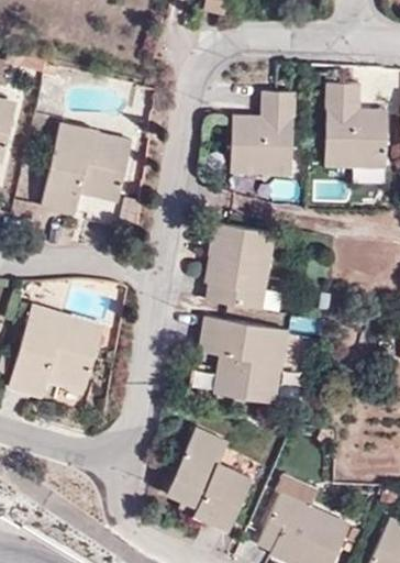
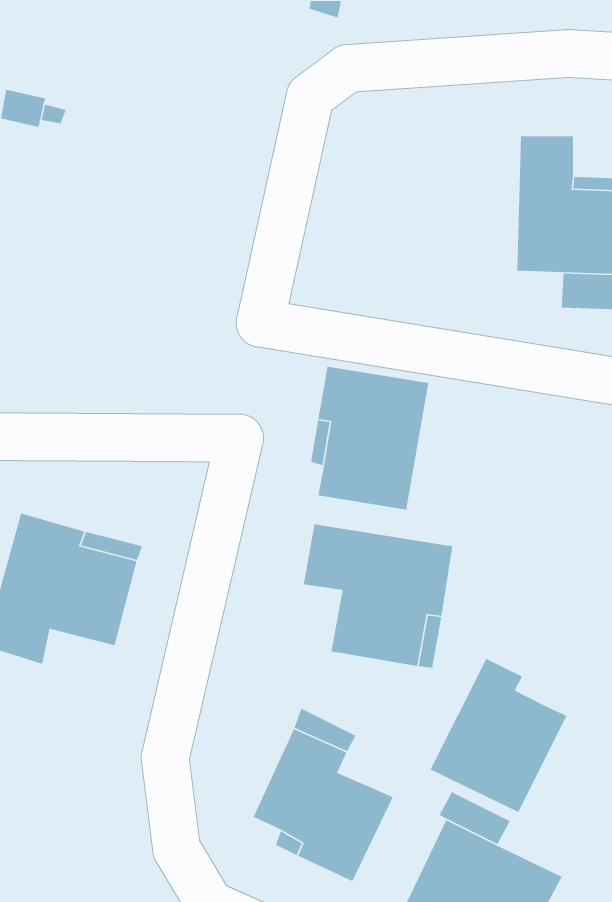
building: [231,92,295,174] -> none
building: [38,126,131,219] -> none
building: none -> [430,658,568,813]

